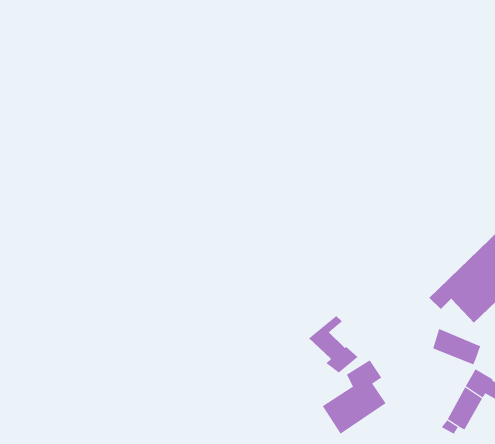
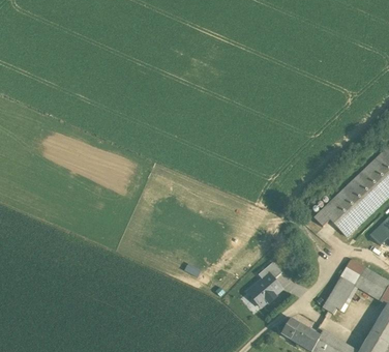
building: [308,315,358,373] -> none
building: [432,328,481,365] -> none

